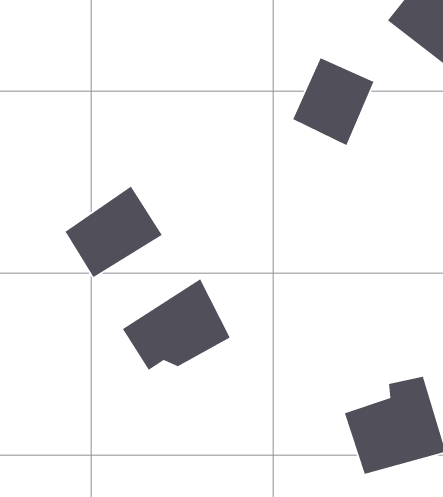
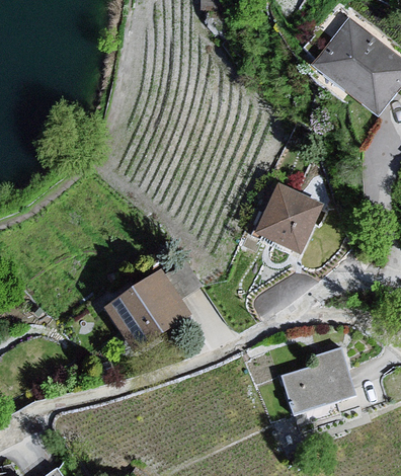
building: [292,57,375,146] -> [254,183,320,254]
building: [64,186,163,278] -> none

